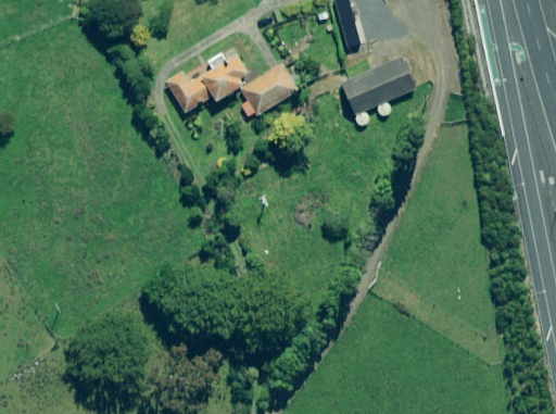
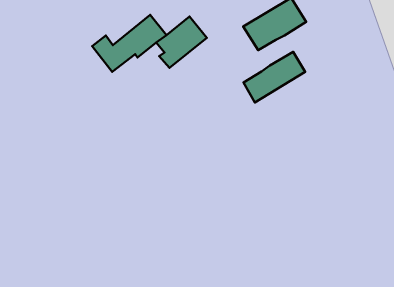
building: none -> [243,52,305,102]

